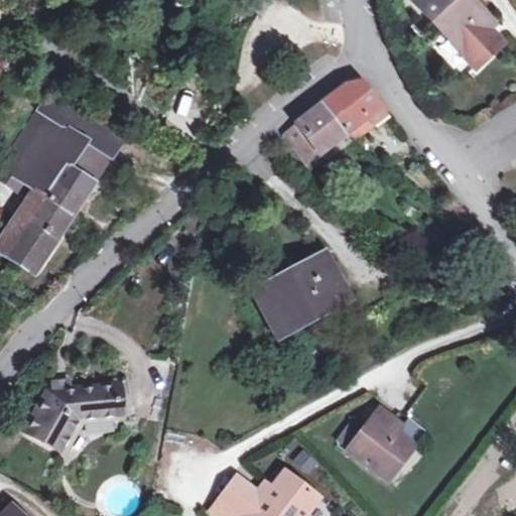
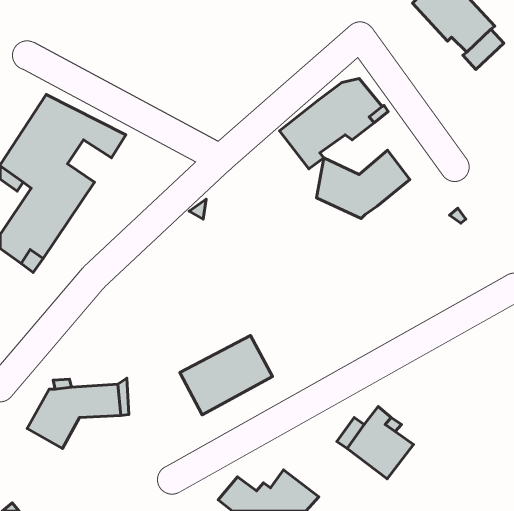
building: [68,140,112,182] -> none
building: none -> [317,150,410,218]
building: [256,253,349,333] -> [180,335,272,415]

